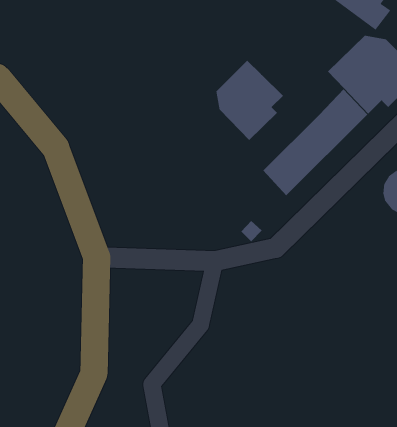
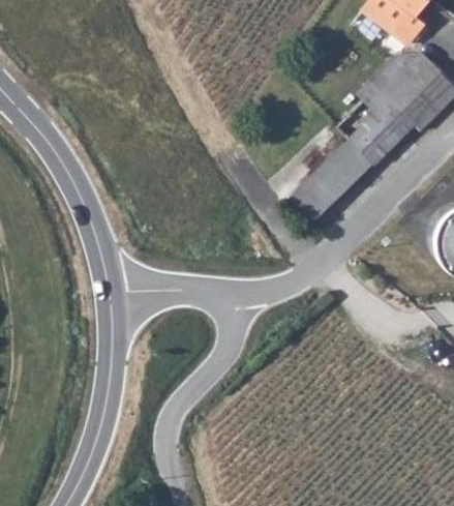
building: [216,60,284,141] -> none

